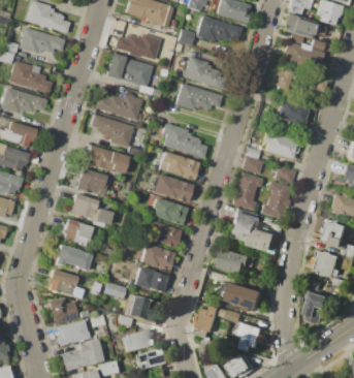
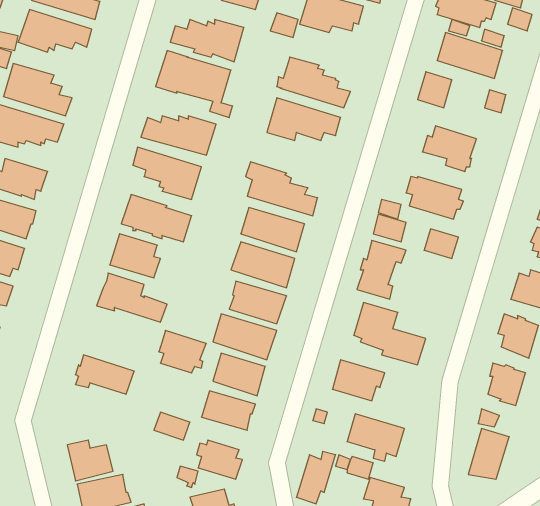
building: [260,181,291,219] -> none
building: [63,219,93,246] -> [159,330,206,373]
building: [49,270,78,296] -> none

